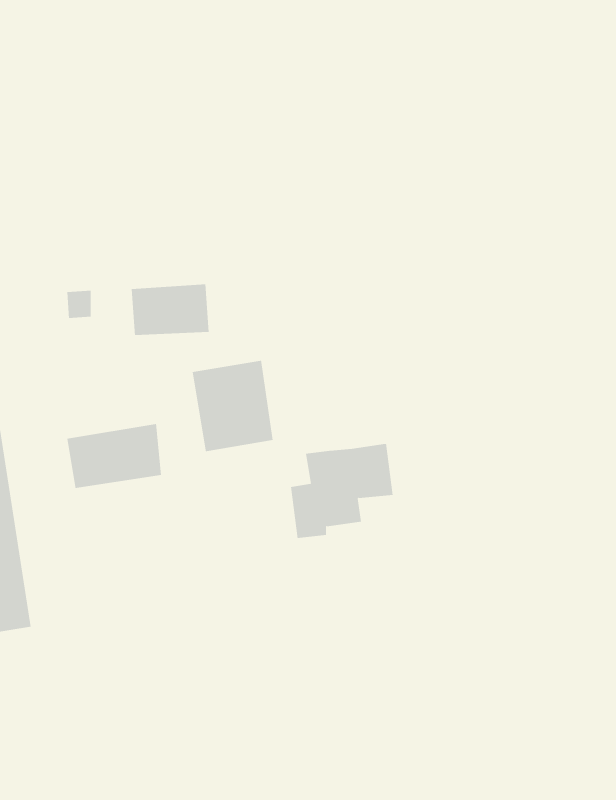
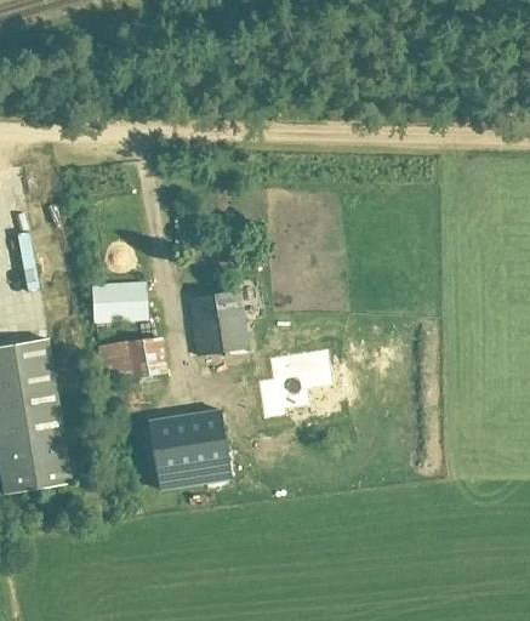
building: [131,284,209,336] -> [90,283,147,320]
building: none -> [148,409,232,488]

